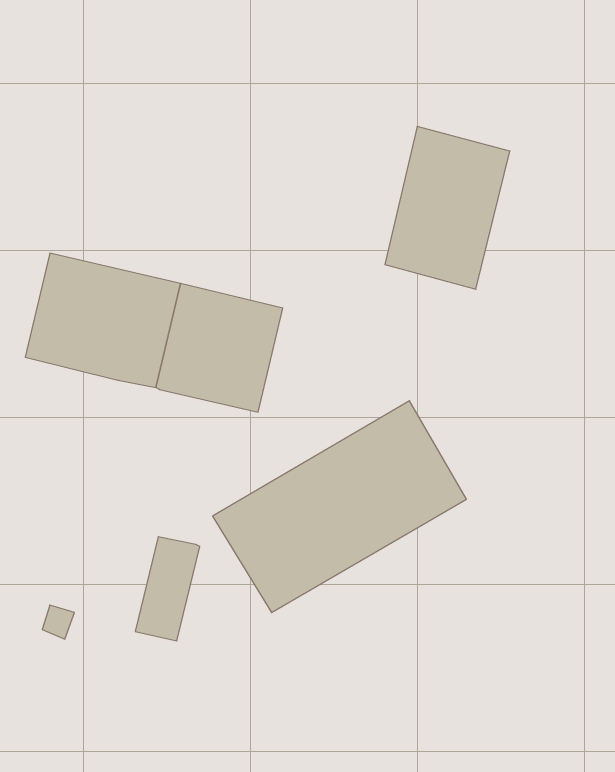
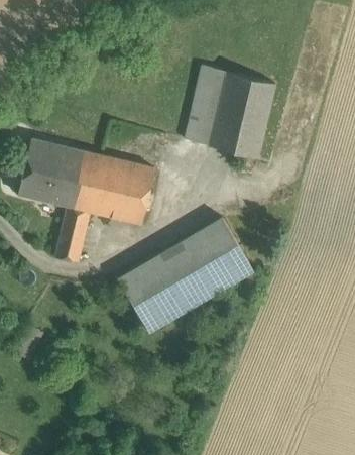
building: none -> [185,65,226,145]
building: [135,537,200,641] -> [54,207,89,262]

